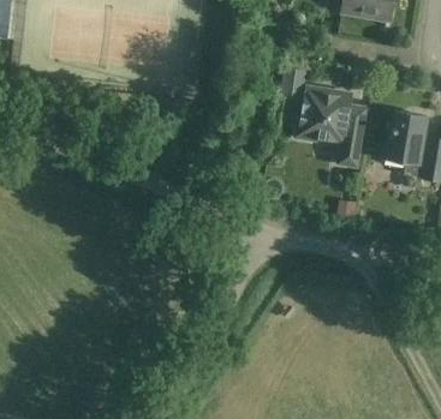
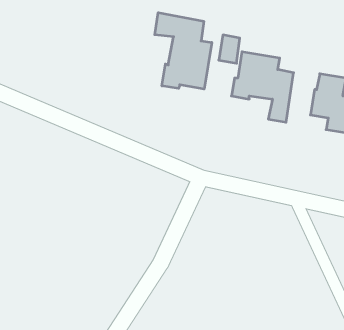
building: none -> [155,13,212,89]

